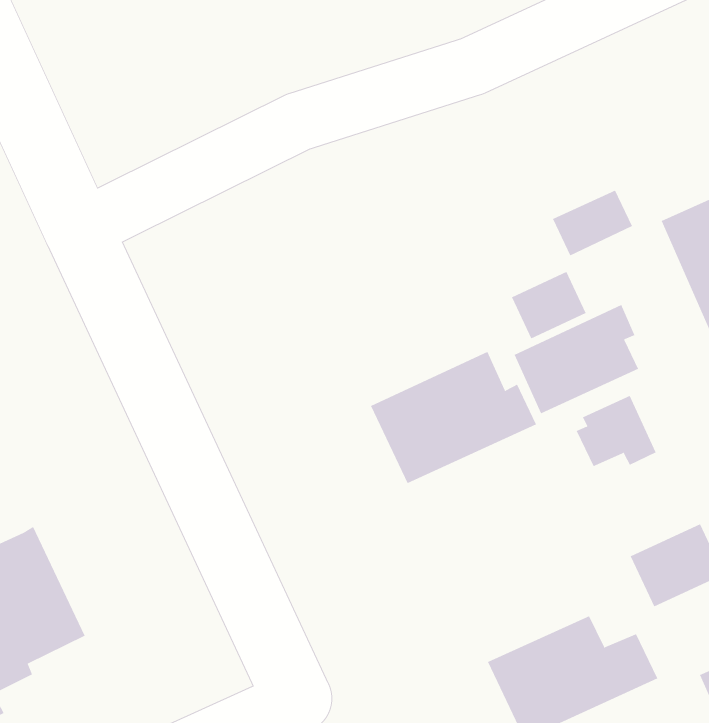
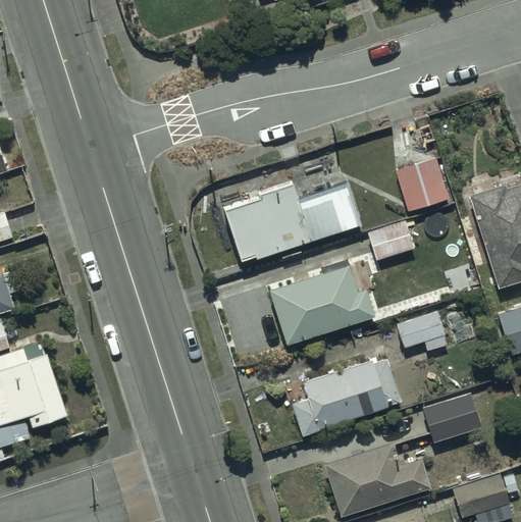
building: none -> [222,182,363,261]
building: [514,304,639,414] -> none
building: none -> [291,359,401,434]

